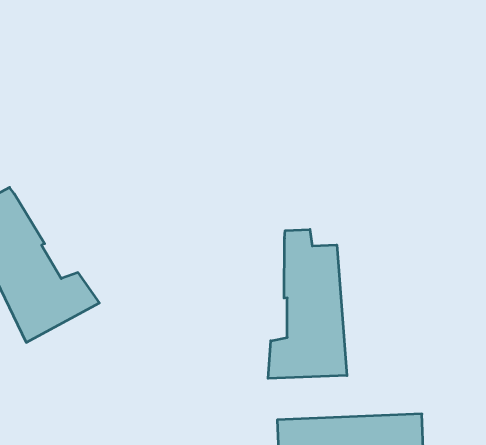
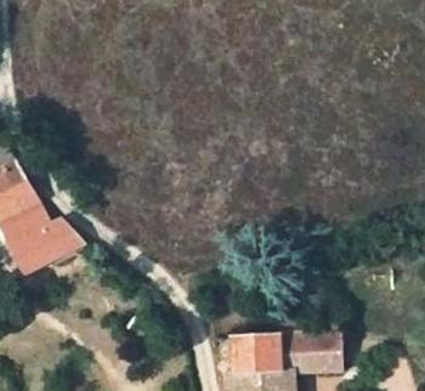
building: [268,229,347,378] -> none

